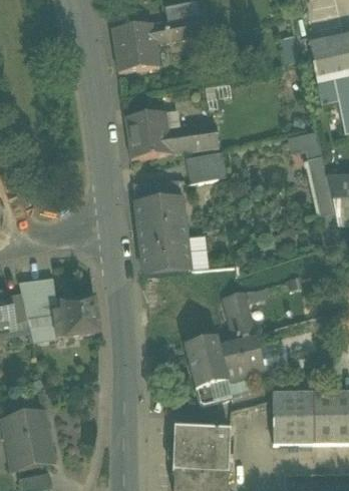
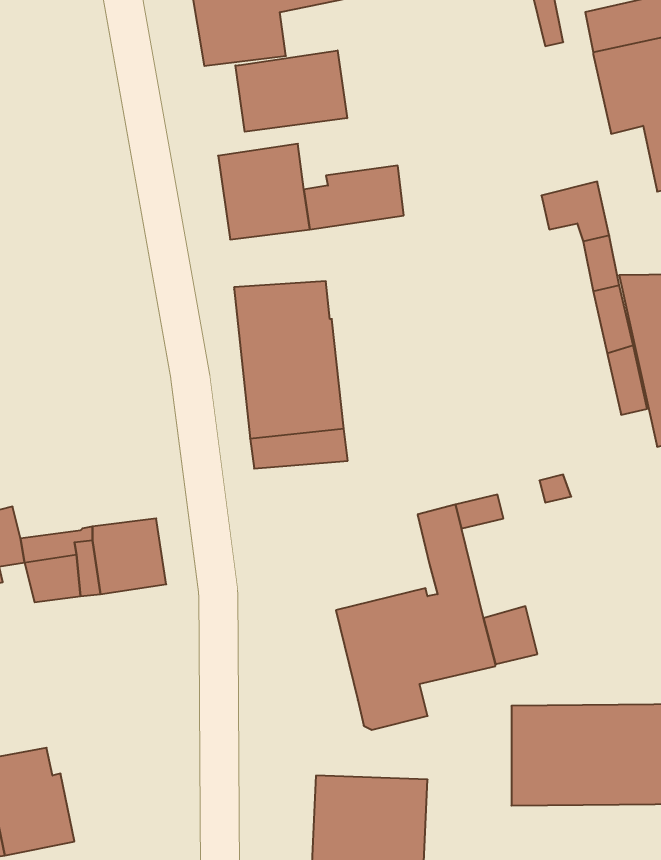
building: none -> [235,50,347,132]
building: [186,150,219,181] -> none
building: [20,276,56,307] -> none

